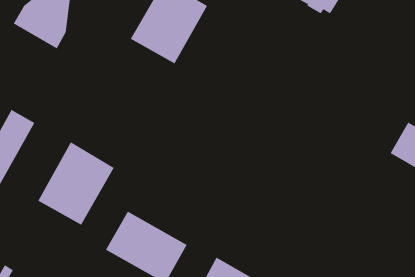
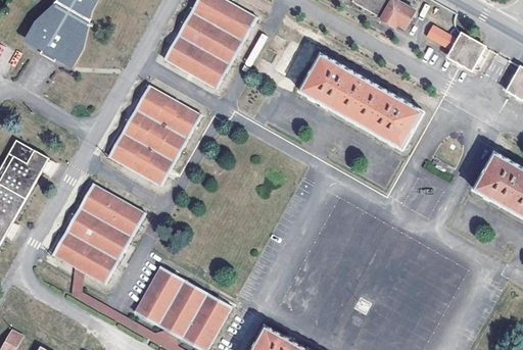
building: none -> [422,23,485,70]
building: none -> [299,52,422,146]
building: none -> [109,90,199,185]

